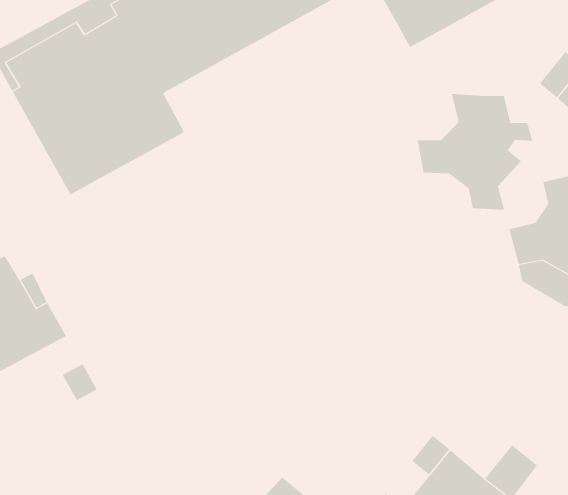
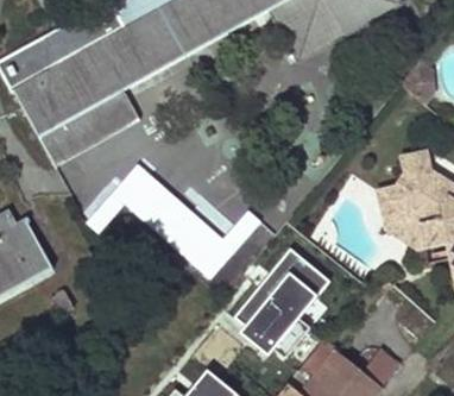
building: [417,93,533,210] -> none
building: none -> [86,164,273,294]
building: none -> [238,250,329,357]

